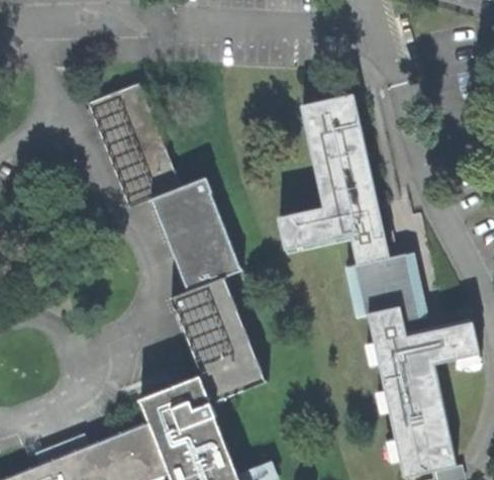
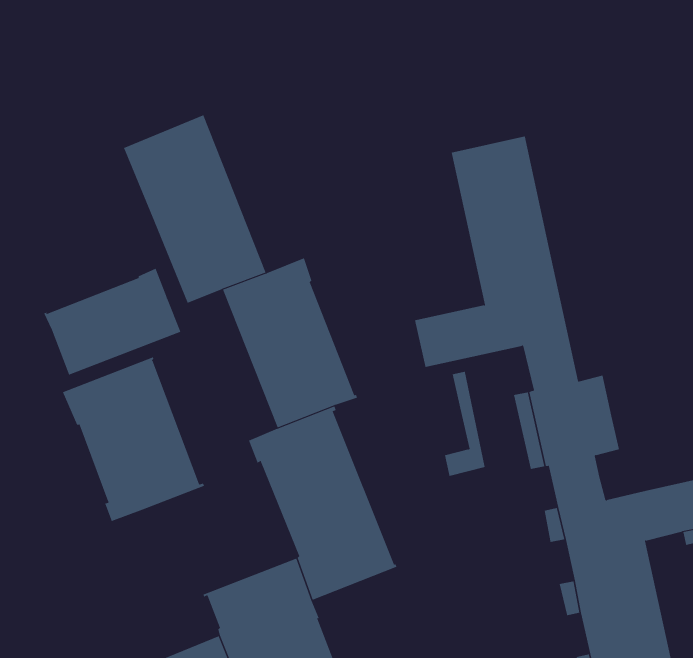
building: none -> [44,268,181,376]
building: none -> [62,357,205,522]
building: [399,253,426,322] -> [444,371,485,476]

